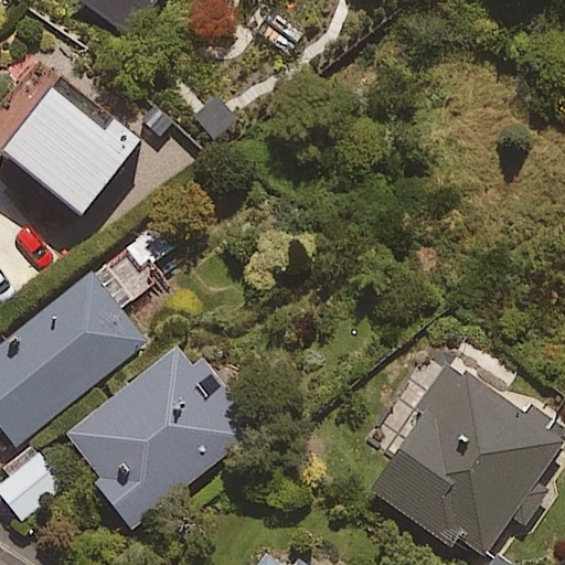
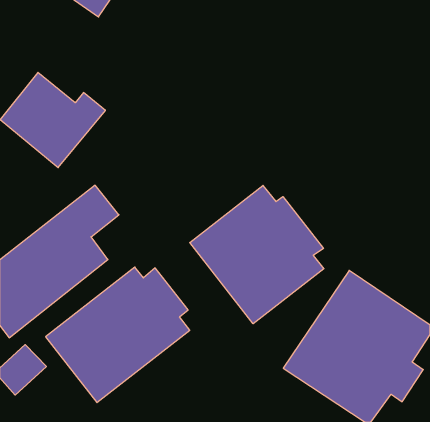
building: none -> [190,185,324,324]

